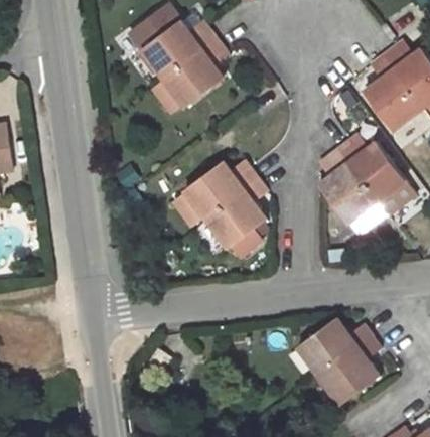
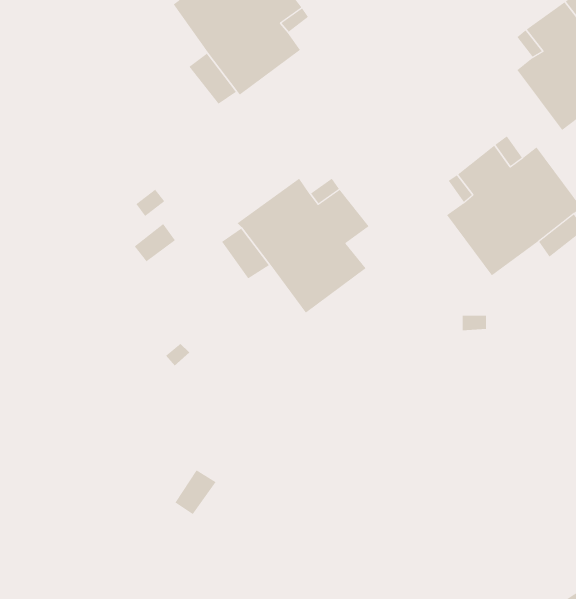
building: [296,317,381,405] -> none

